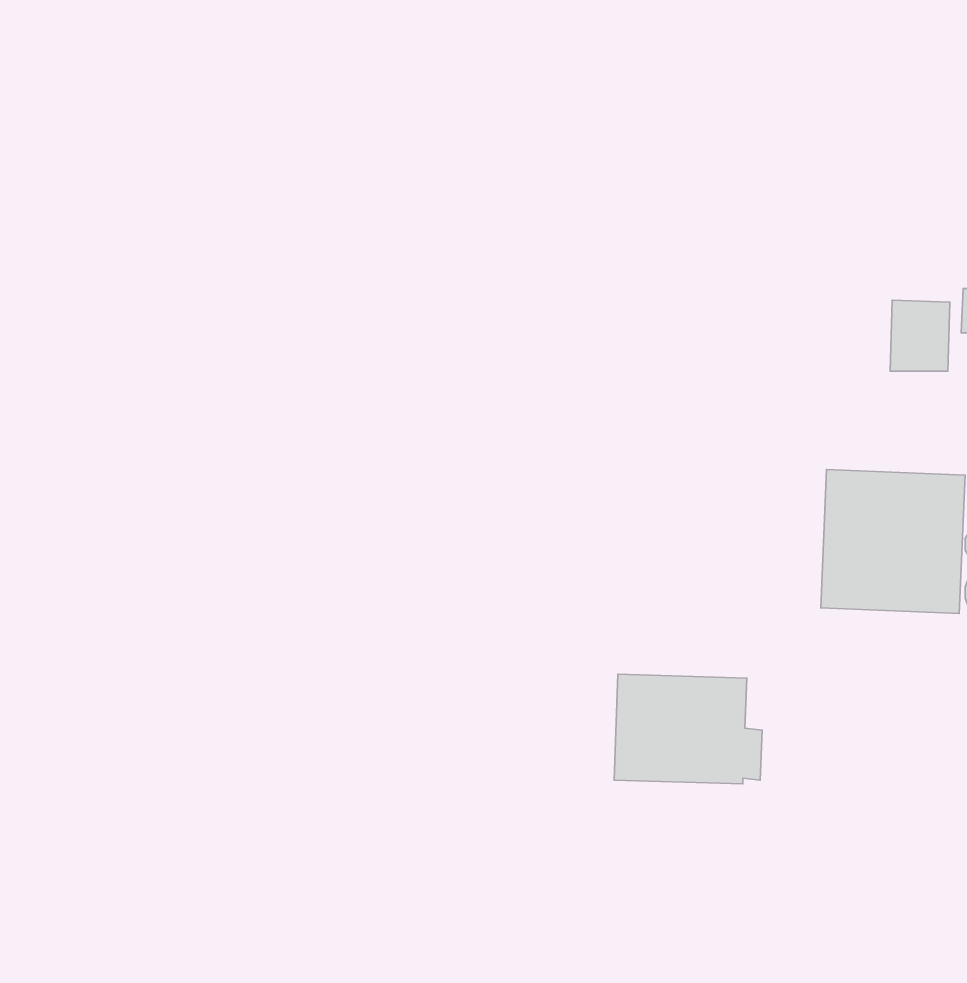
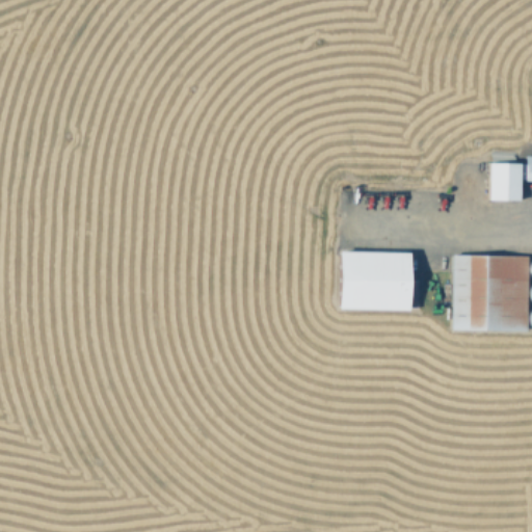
building: [614,674,762,784] -> [342,250,422,310]

